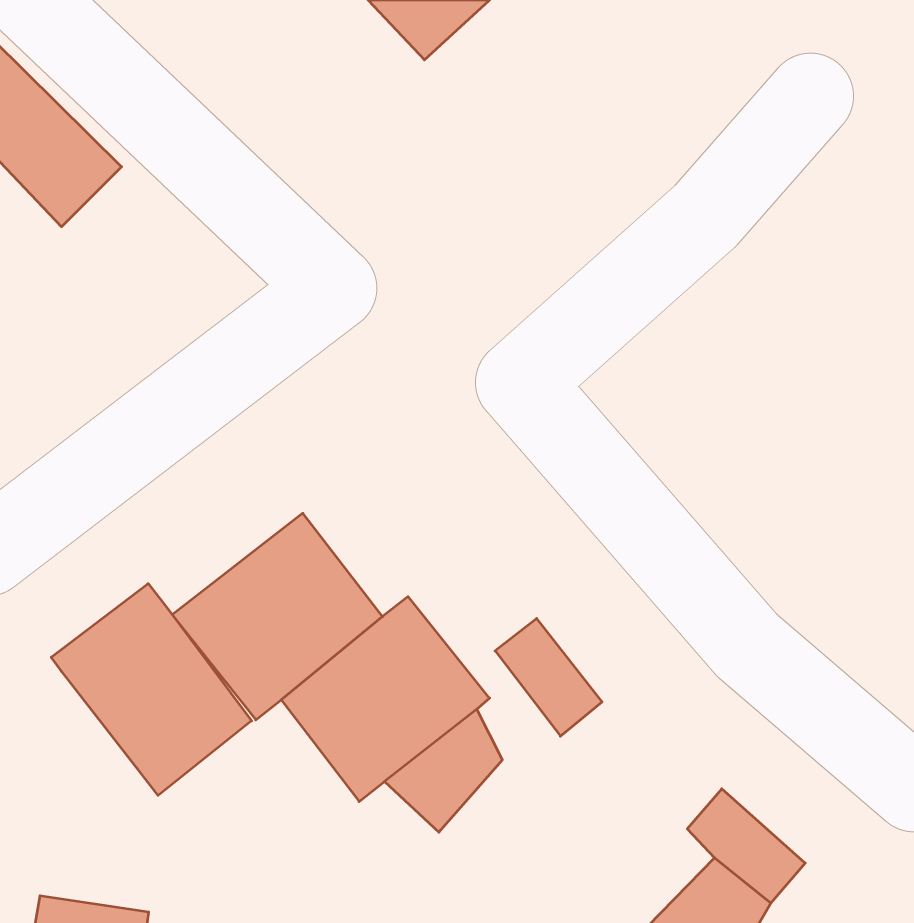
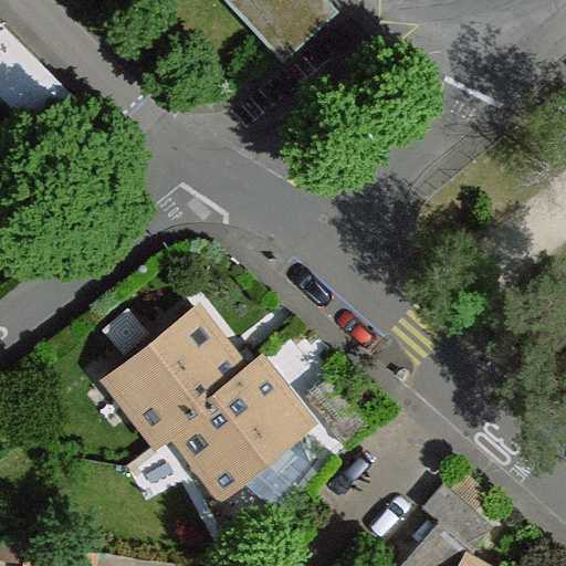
building: [51,584,252,795] -> none

